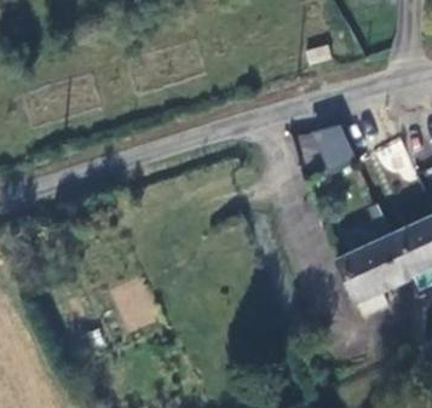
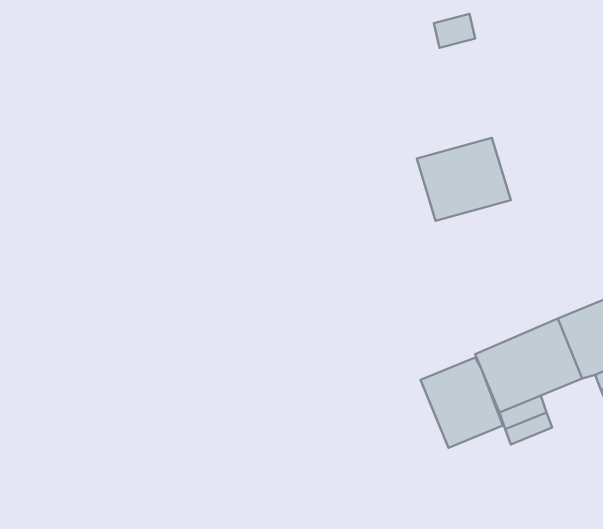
building: none -> [421,357,503,448]

